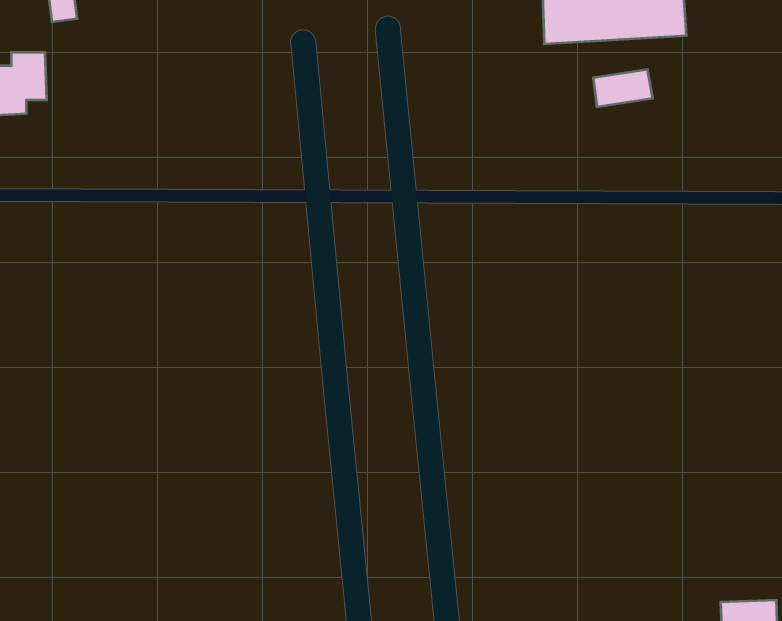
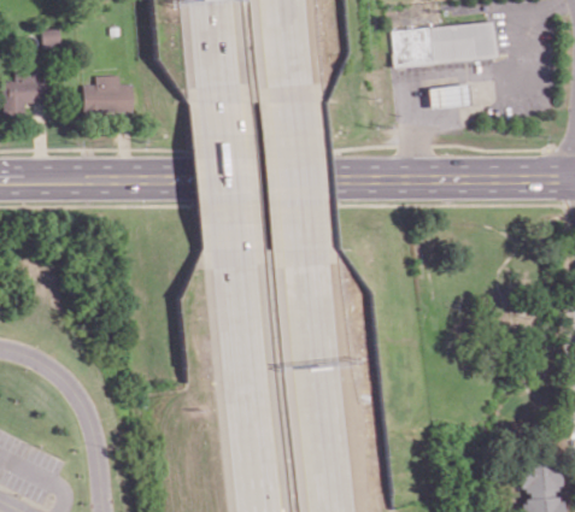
building: none -> [83,76,134,113]

